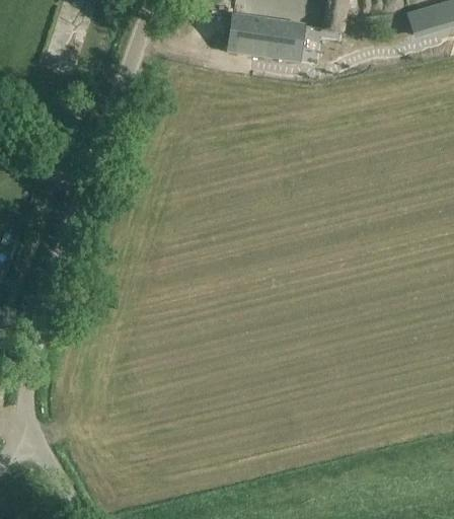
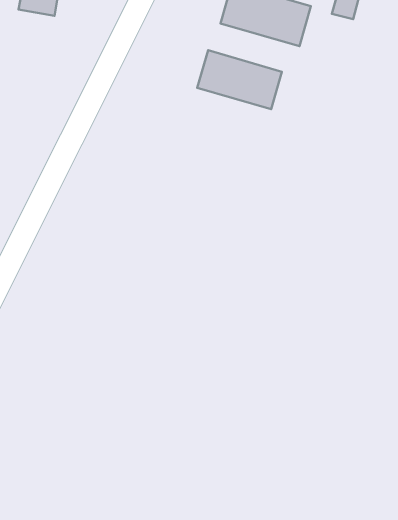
building: none -> [197,50,282,109]

